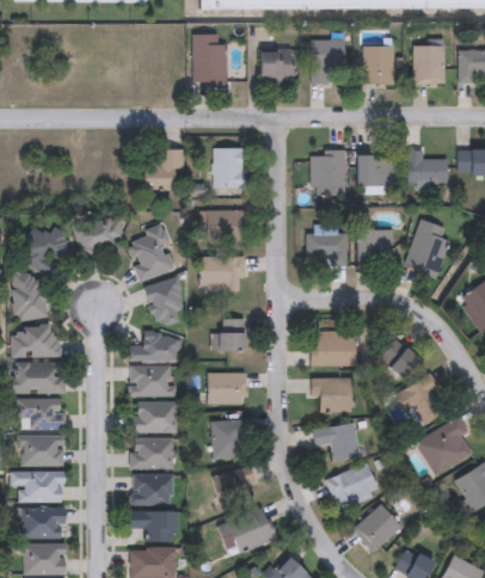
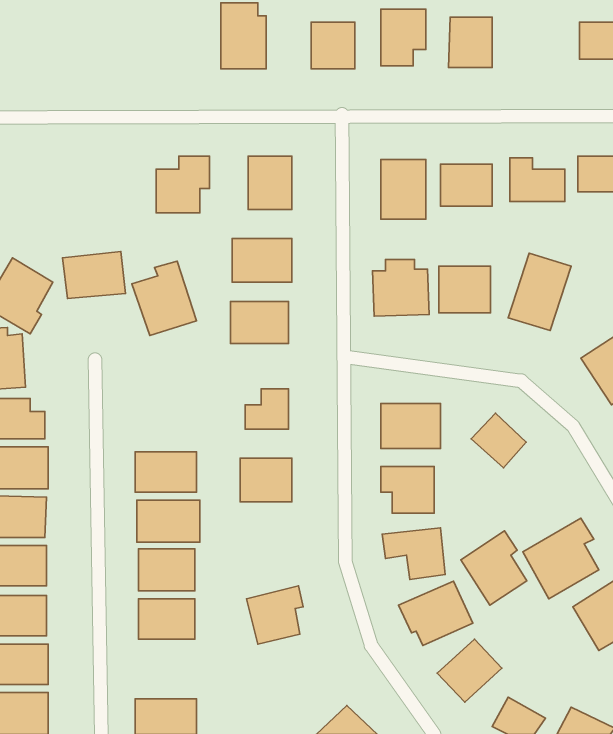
building: [415,44,444,82] -> none
building: [145,278,185,327] -> none
building: [129,336,179,362] -> none
building: [398,373,447,428] -> [461,531,527,605]
building: [214,420,247,459] -> none
building: [217,508,276,555] -> none
building: [130,511,174,542] -> none

